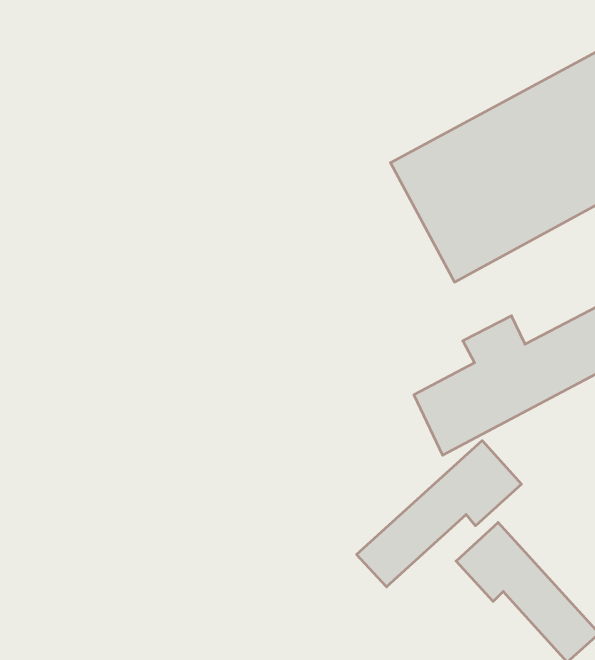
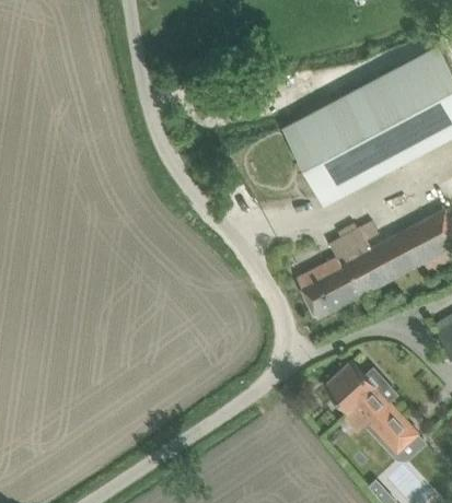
building: [357,441,521,587] -> none

